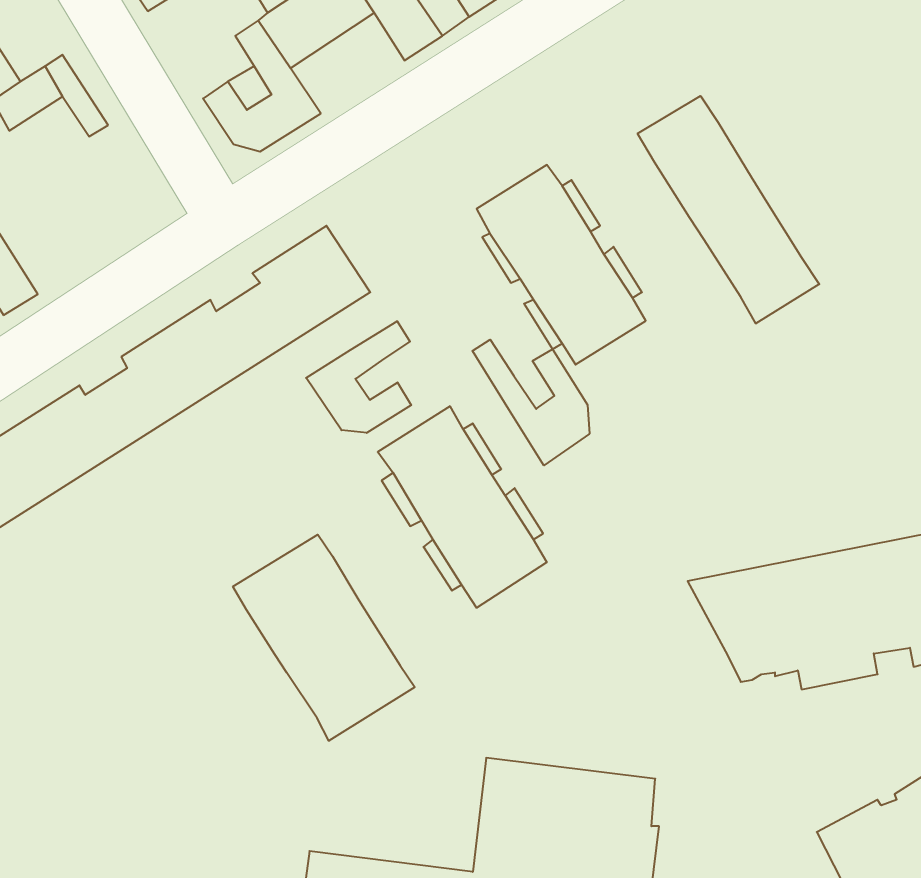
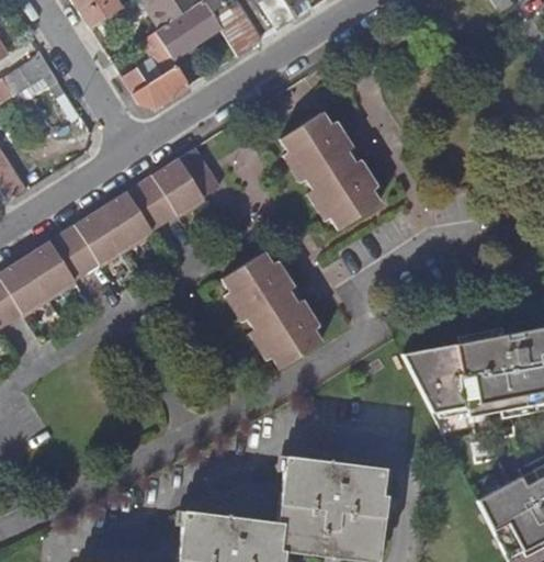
building: [638,96,819,324] -> none
building: [306,321,411,433] -> none
building: [472,340,589,465] -> none
building: [233,535,415,741] -> none

